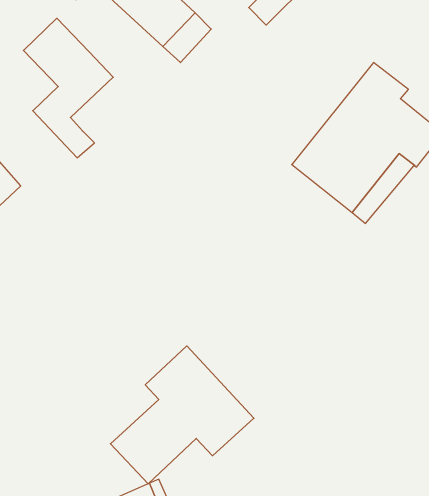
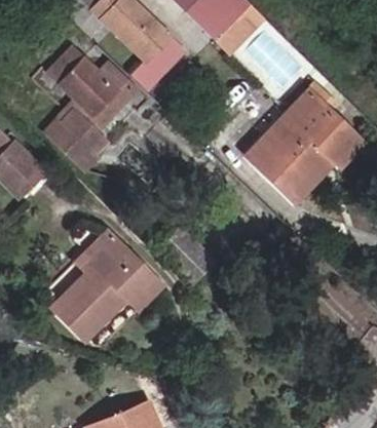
building: none -> [80,64,133,132]
building: [110,346,254,484] -> [51,231,161,337]

